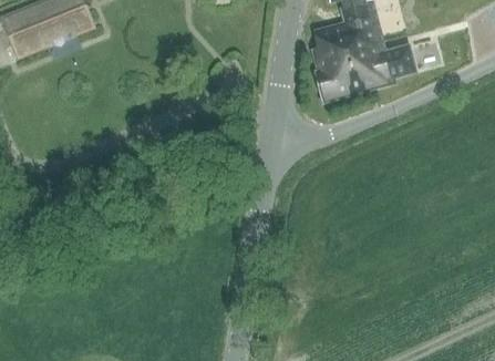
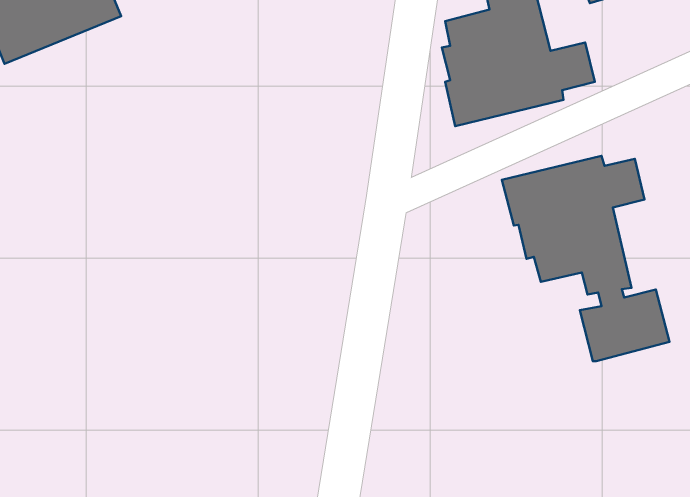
building: none -> [502,156,669,361]

